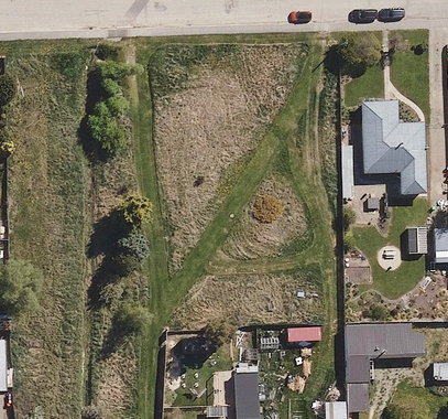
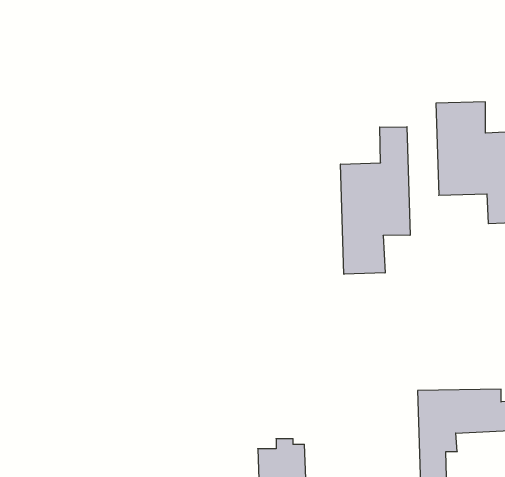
building: none -> [341,127,410,274]

